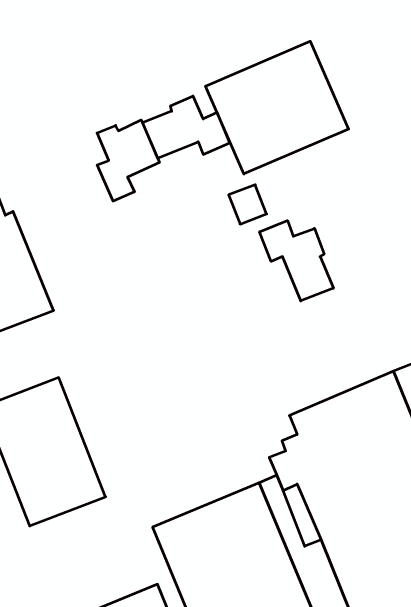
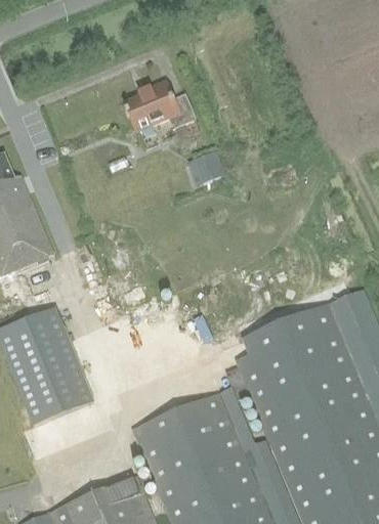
building: [206,41,349,174] -> none
building: [97,120,159,201] -> none
building: [260,221,333,301] -> none

